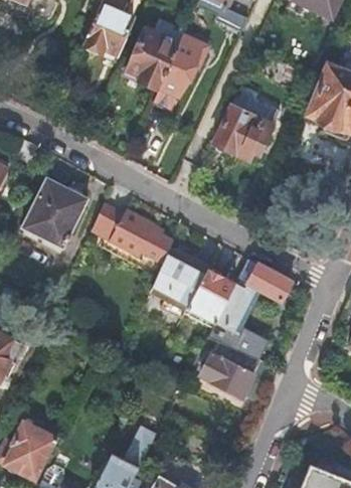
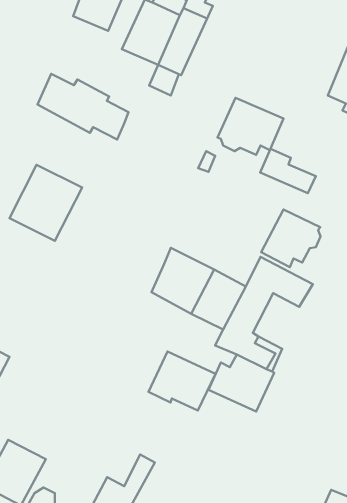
building: [225,97,275,136] -> [260,149,316,193]
building: [92,206,172,265] -> [38,74,129,140]
building: none -> [261,209,321,267]
building: none -> [148,352,216,410]

